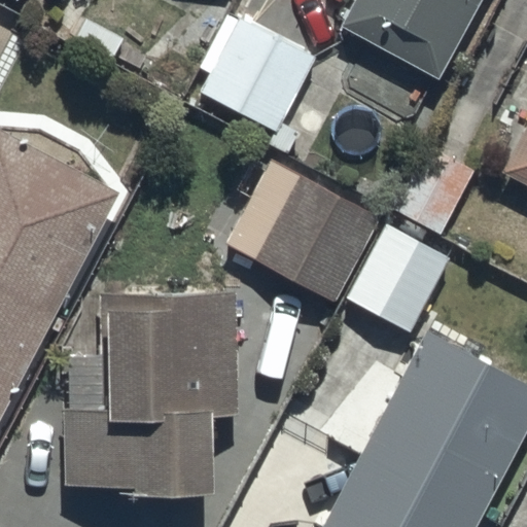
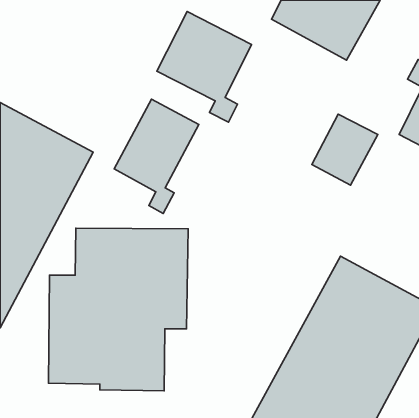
building: none -> [114,99,199,213]
building: [256,179,379,303] -> none
building: [346,216,451,326] -> none

